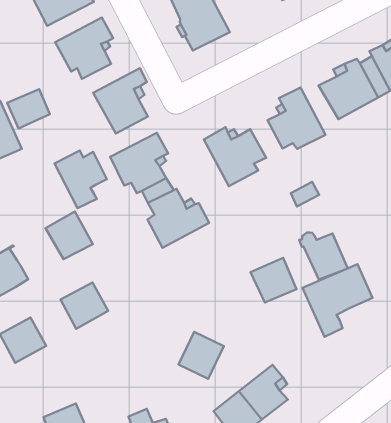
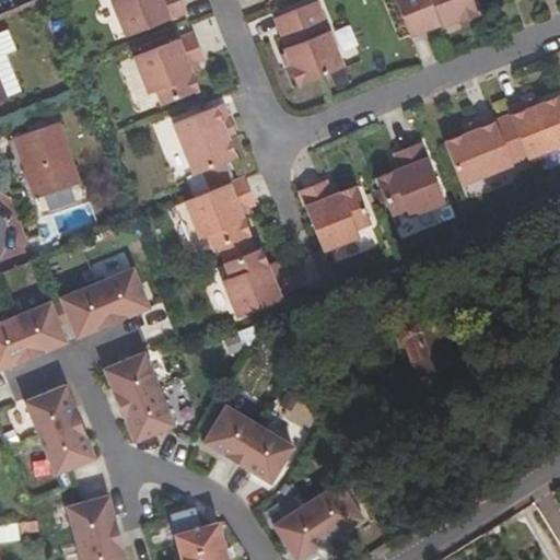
building: [7,89,50,128] -> none
building: [54,150,107,208] -> none
building: none -> [50,280,114,336]
building: [250,258,296,302] -> none
building: [303,264,373,337] -> none
building: none -> [120,387,176,441]
building: none -> [205,401,261,460]
building: none -> [43,421,97,475]

